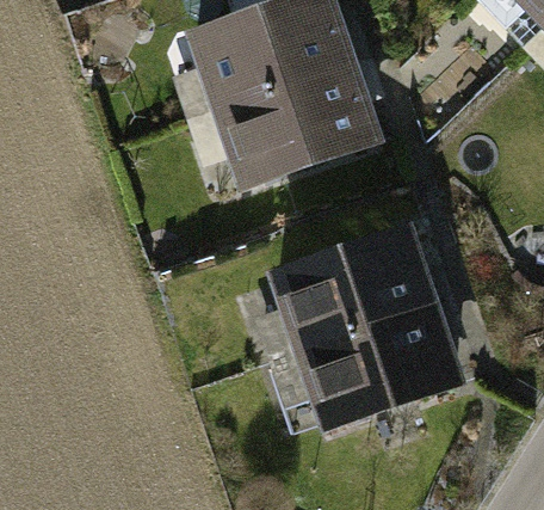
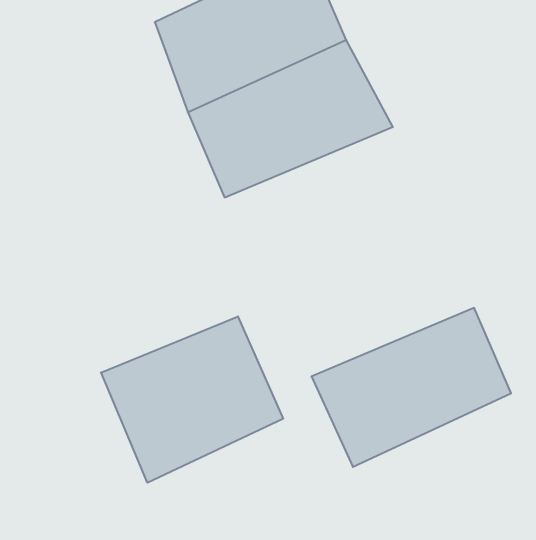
building: [270,221,439,350] -> none
building: none -> [101,316,283,483]

